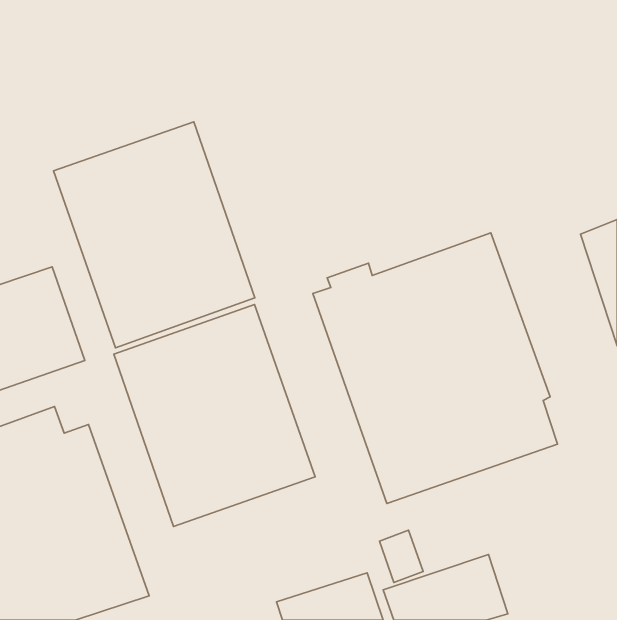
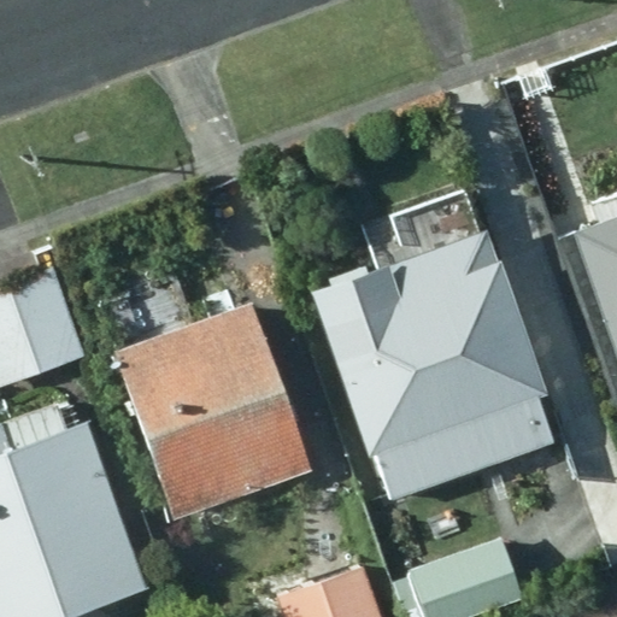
building: [53,122,255,348] -> none

